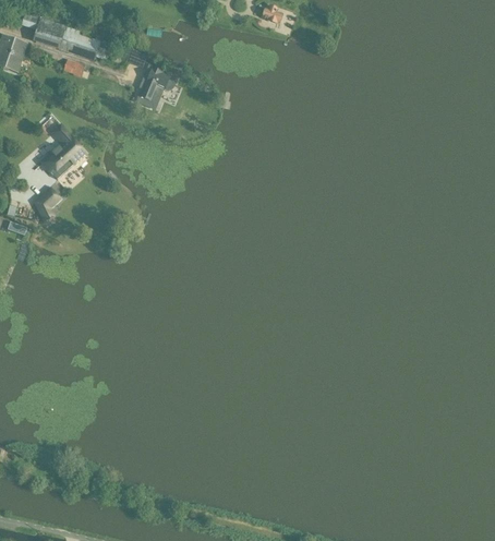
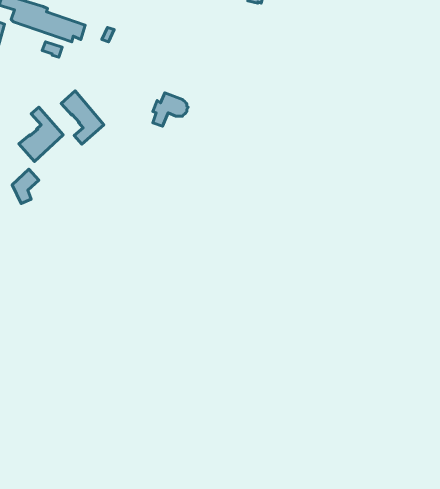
building: [141,68,176,100] -> [153,93,188,126]
building: none -> [61,91,104,144]

